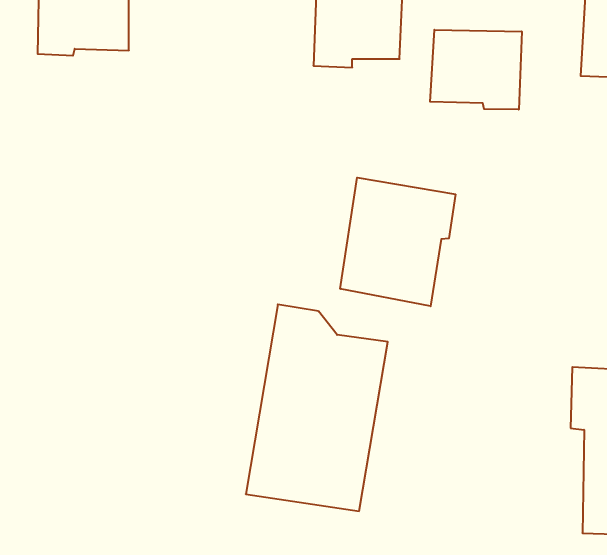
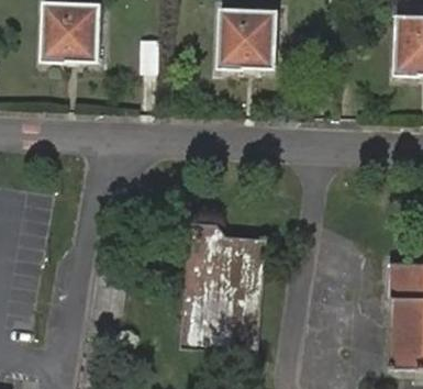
building: [430,30,522,110] -> none
building: [340,178,455,306] -> none

